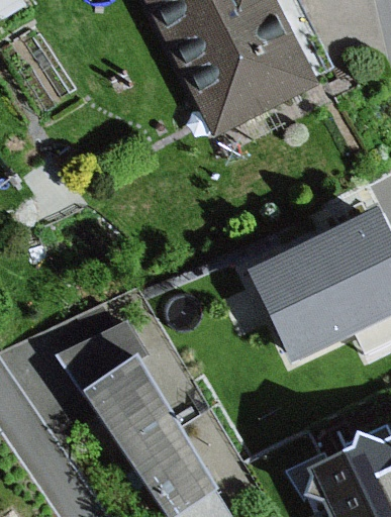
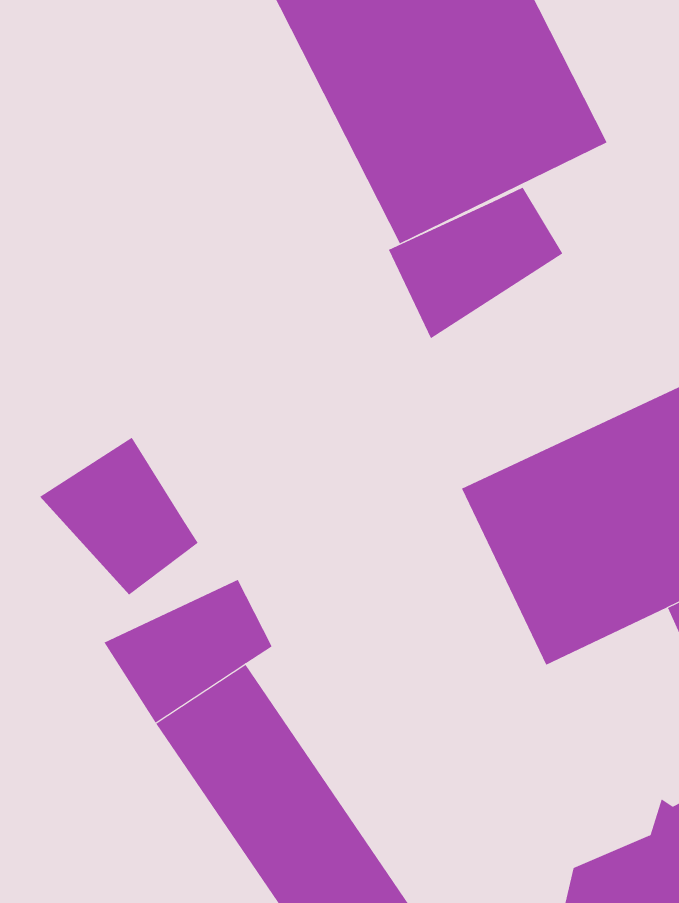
building: none -> [388,187,563,339]
building: none -> [39,437,199,595]

